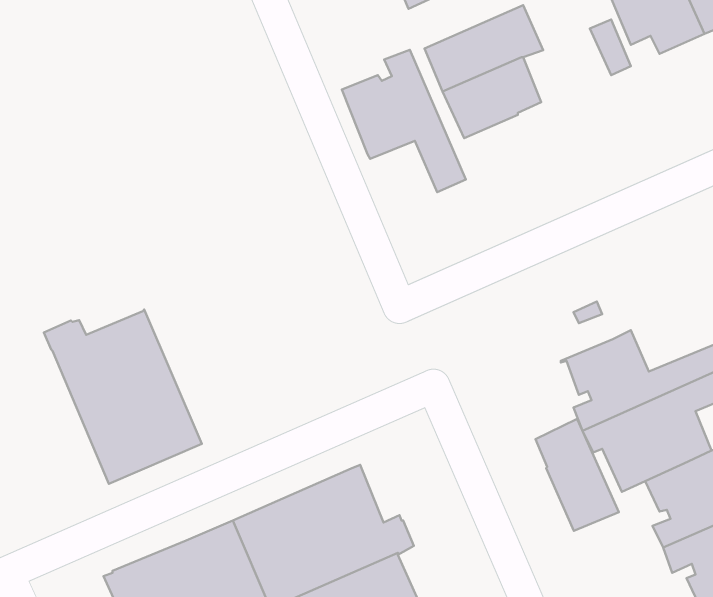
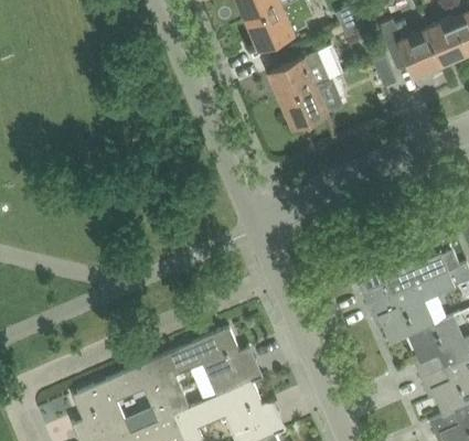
building: [342,50,466,192] -> none
building: [44,310,202,484] -> none
building: [535,419,619,531] -> none

